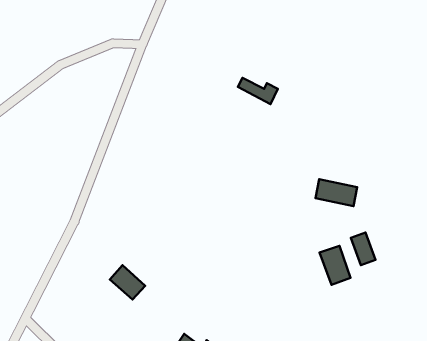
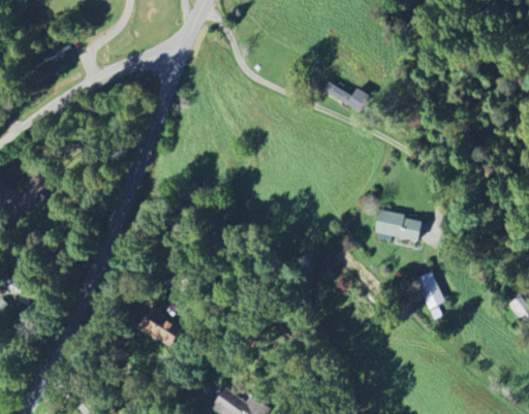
building: [238,78,278,104] -> [322,82,368,112]
building: [320,246,351,285] -> none

